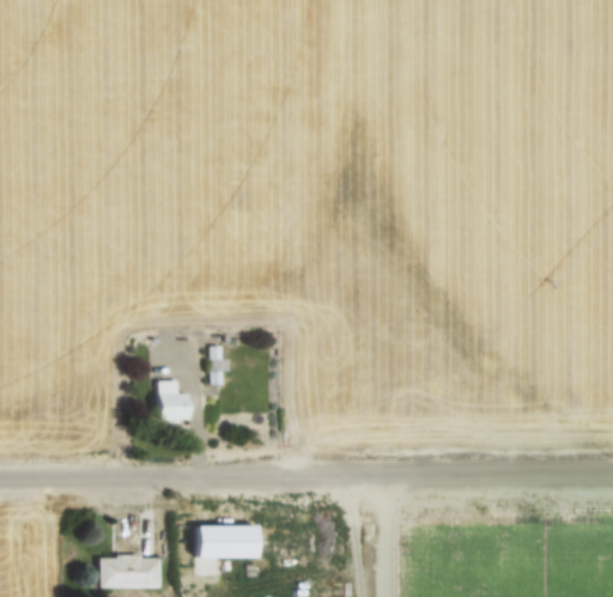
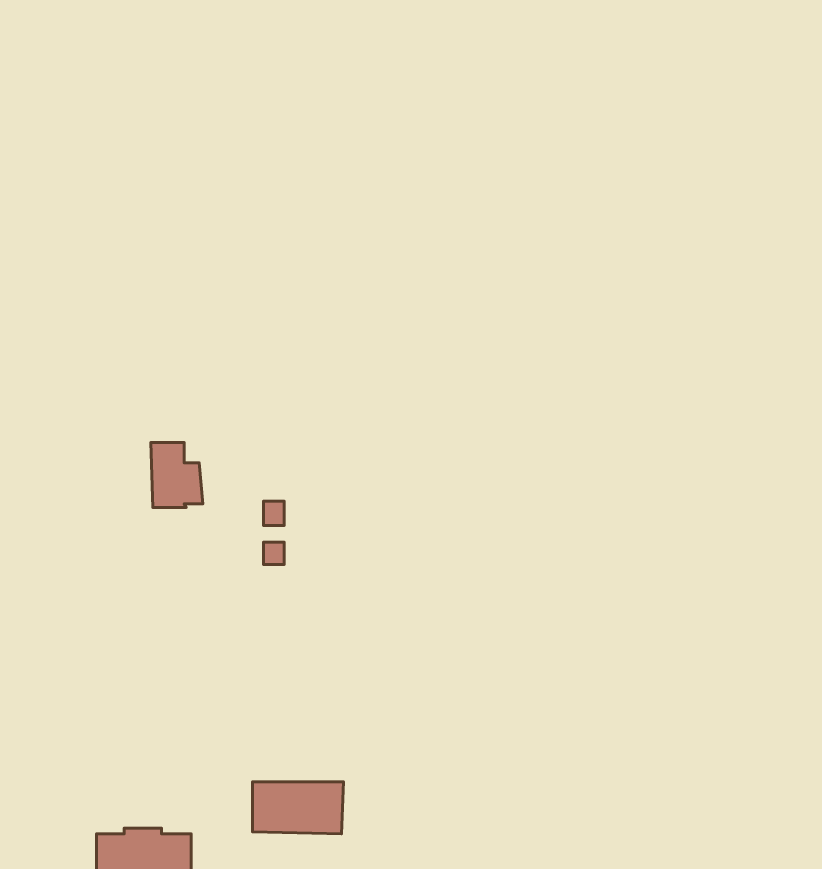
building: [158,380,192,422] -> [151,443,203,508]

